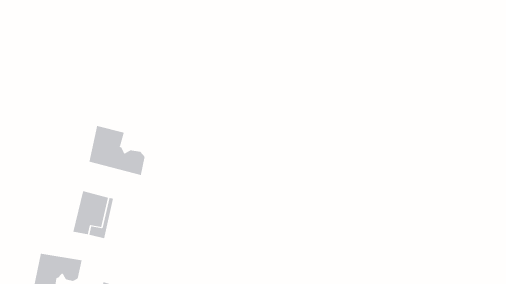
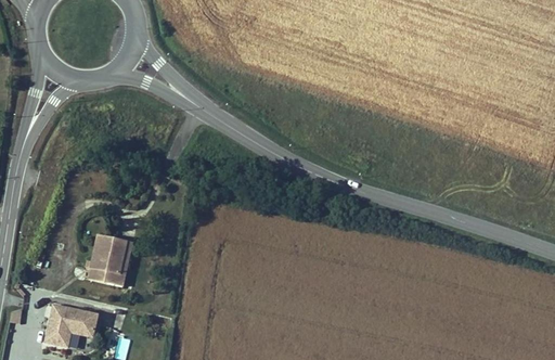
building: [89,125,145,176] -> none

